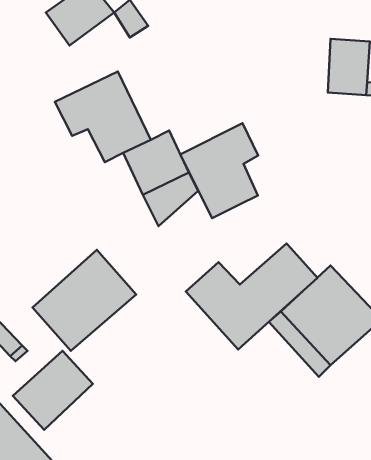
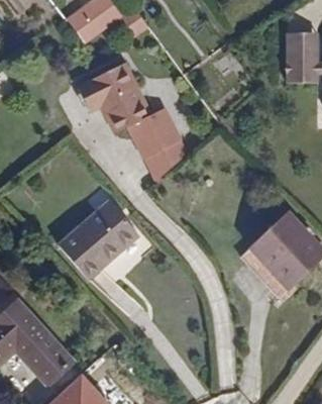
building: [180,123,258,218] -> none
building: [186,243,317,350] -> none
building: [13,351,93,430] -> none

